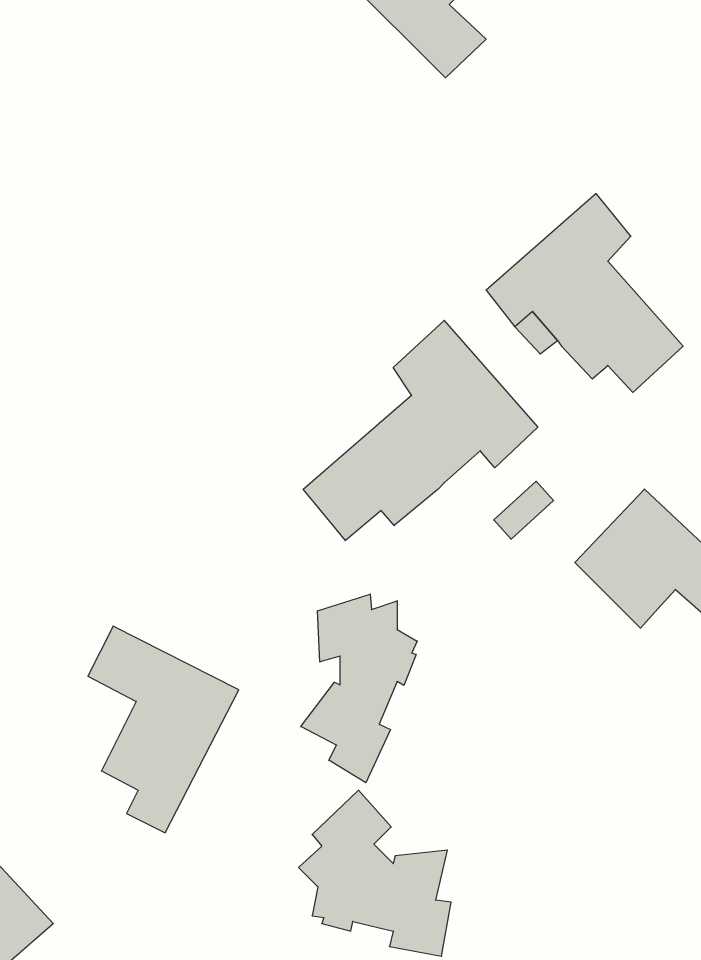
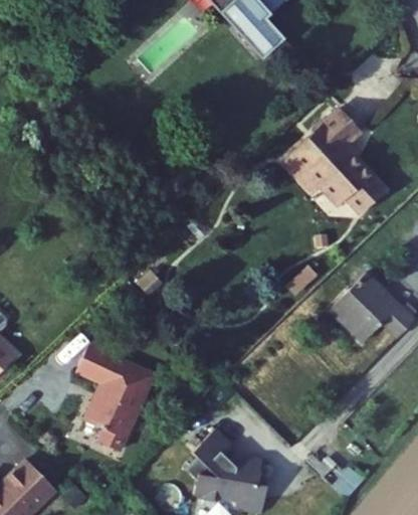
building: [303,320,538,541] -> none
building: [301,594,417,783] -> none

